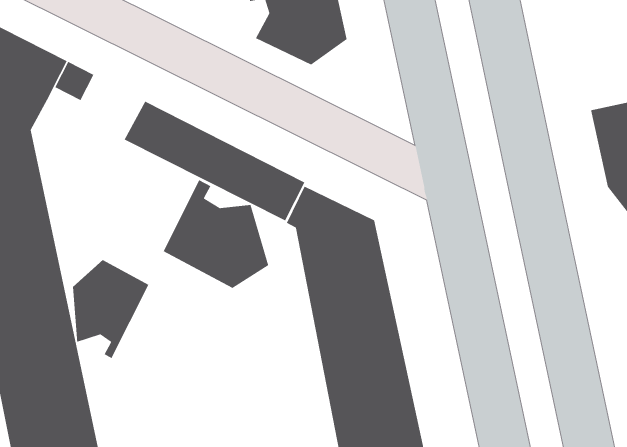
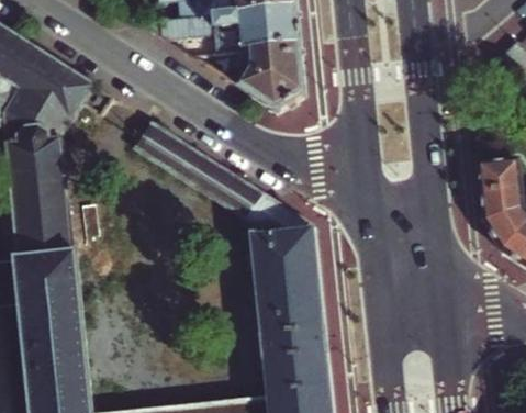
building: [162,179,269,289] -> none
building: [72,259,149,359] -> none

